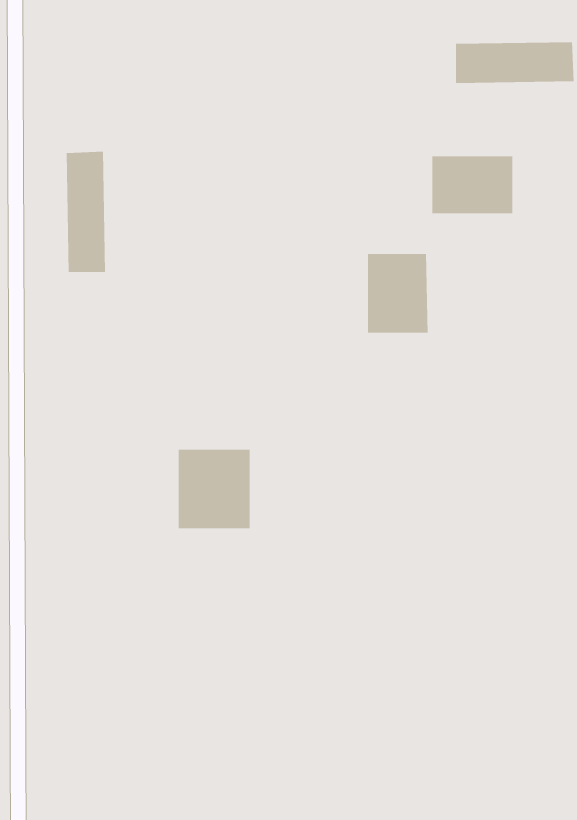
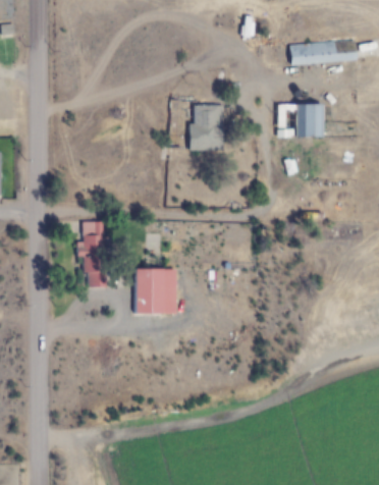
building: [66,151,106,273] -> [85,221,107,289]
building: [367,253,429,333] -> [191,104,225,149]

